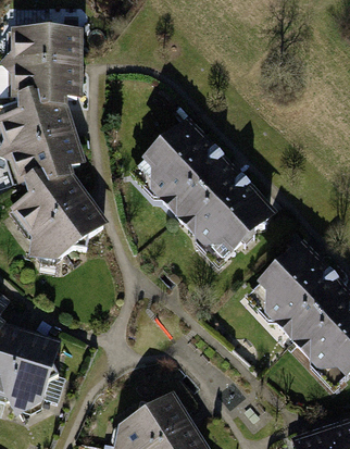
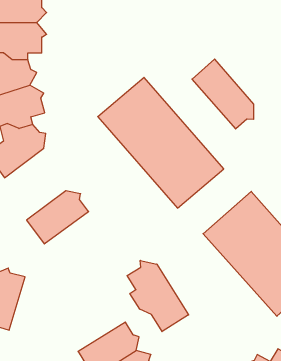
building: none -> [192,59,254,129]
building: [33,201,101,260] -> [27,191,89,244]
building: none -> [127,260,189,332]

